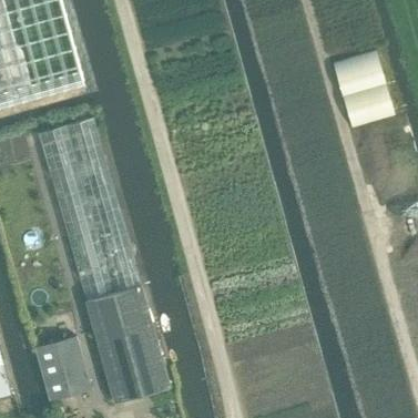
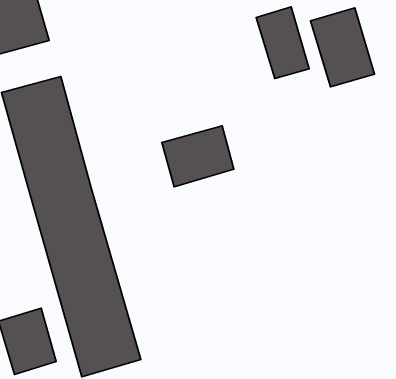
building: none -> [256,7,309,79]
building: none -> [162,126,234,187]

